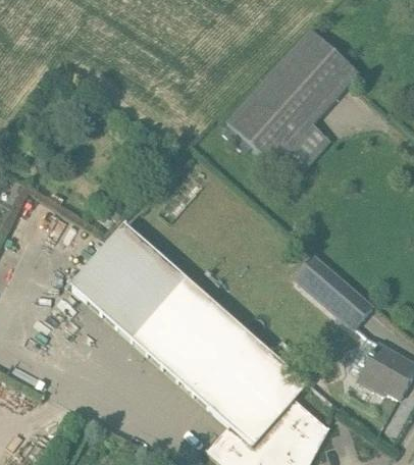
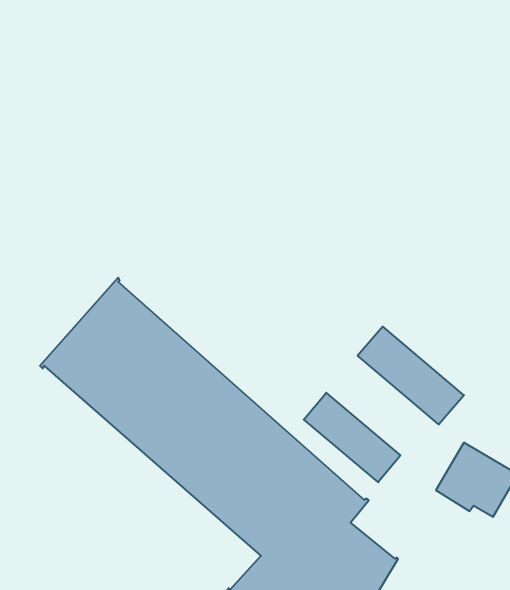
building: [229,30,361,182] -> none
building: none -> [304,393,400,482]

